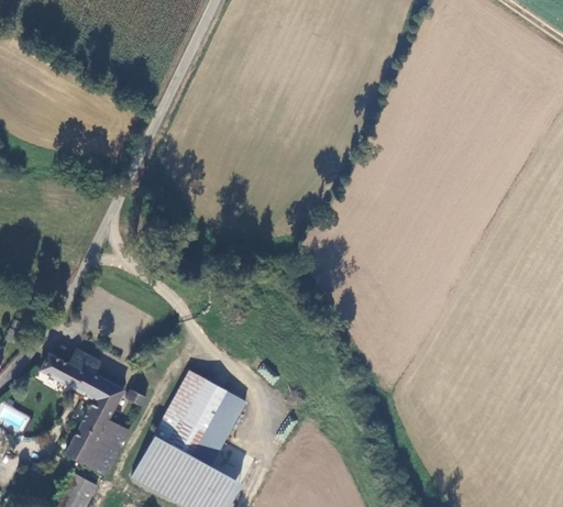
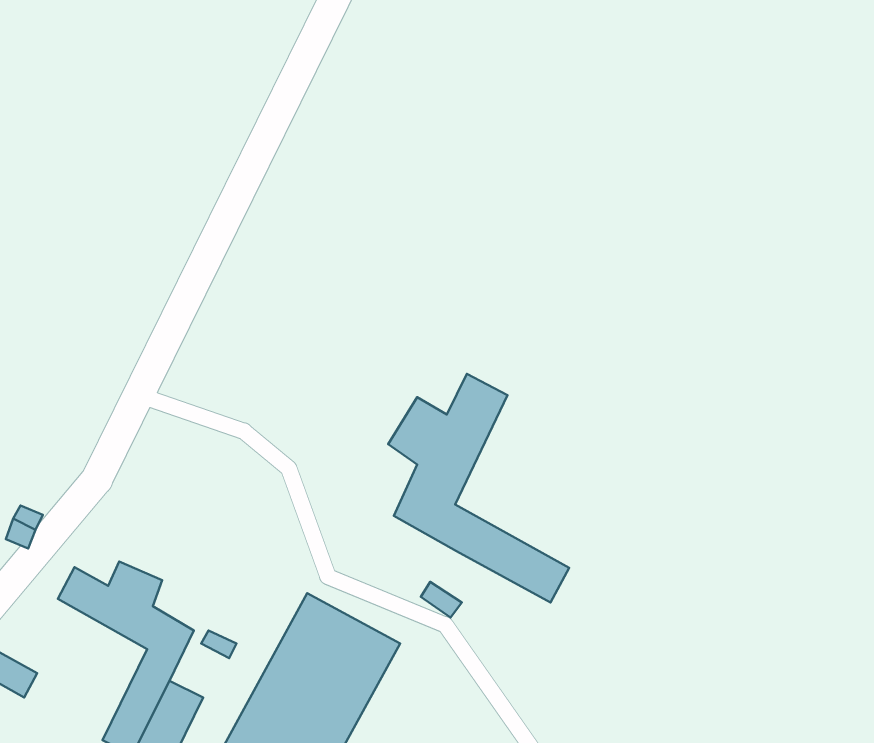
building: none -> [388,374,569,602]

